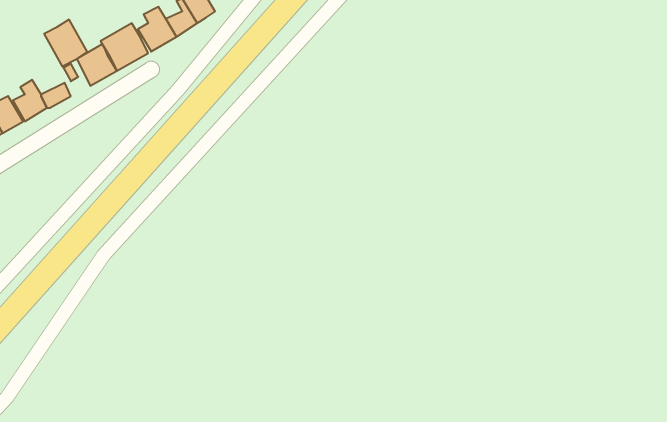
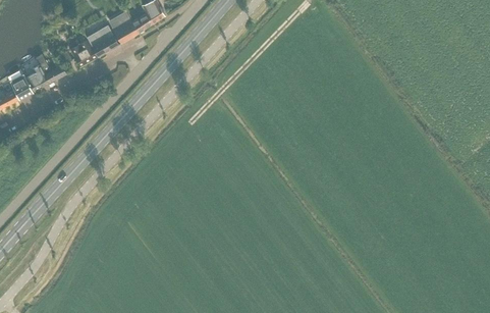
building: [44,19,87,67] -> none

